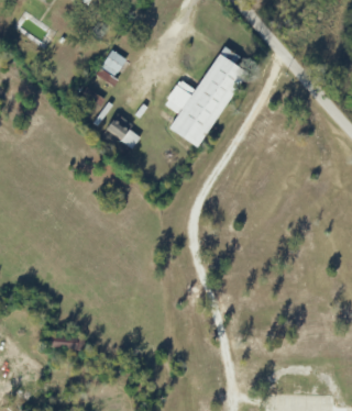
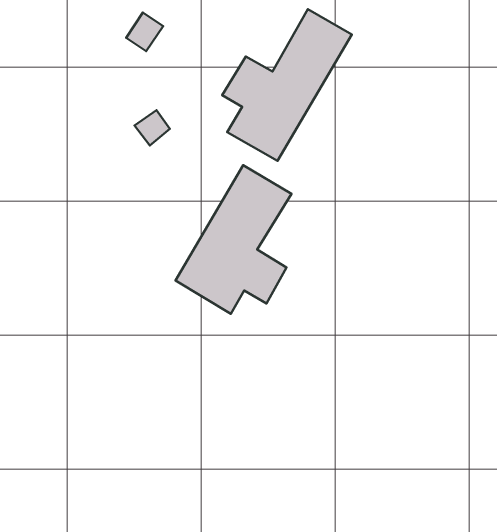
building: none -> [176,165,291,314]

